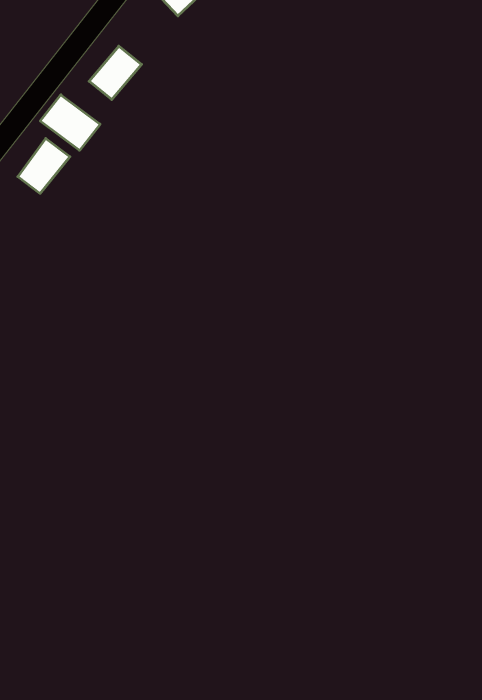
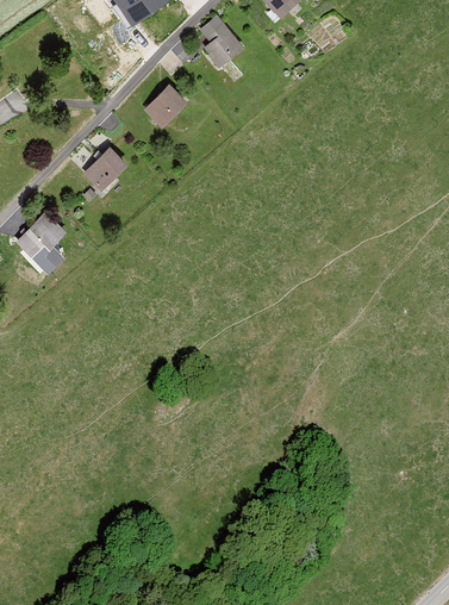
building: [40,95,100,150] -> none

